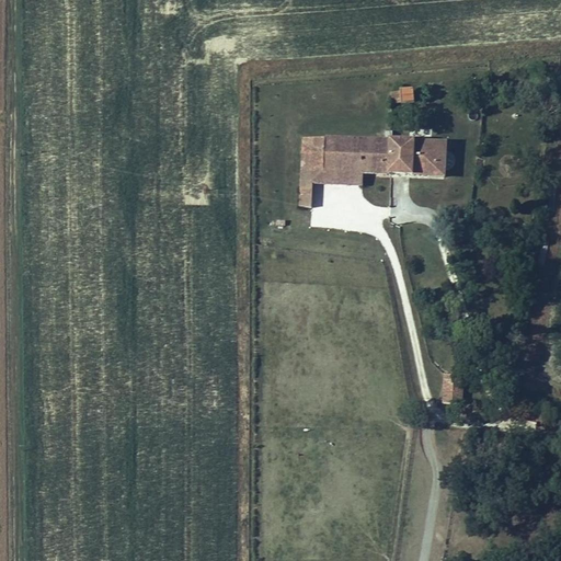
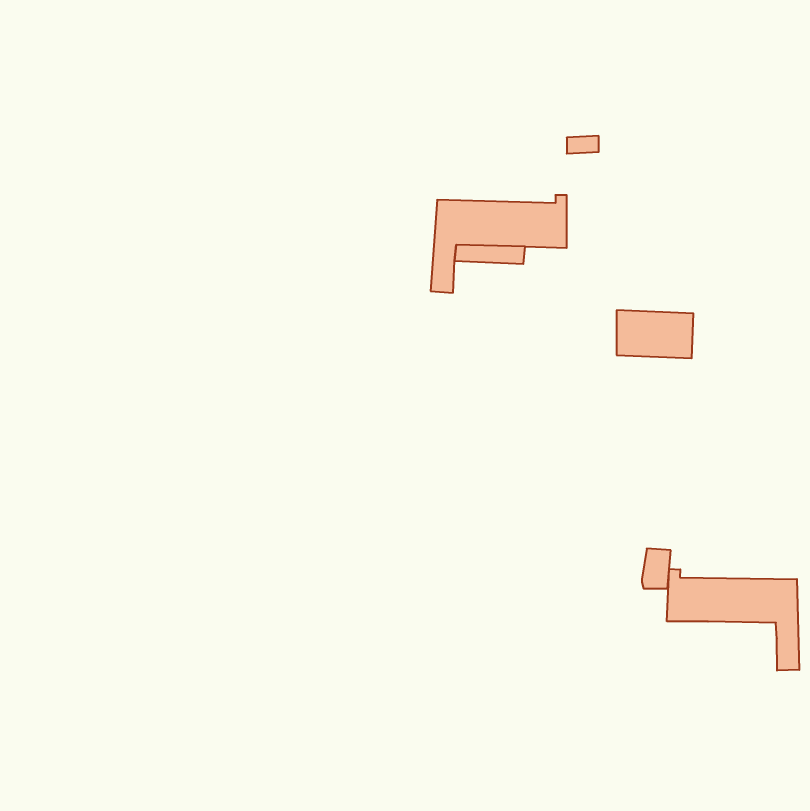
building: [393,139,446,172] -> [617,310,693,358]
building: none -> [667,569,799,671]

